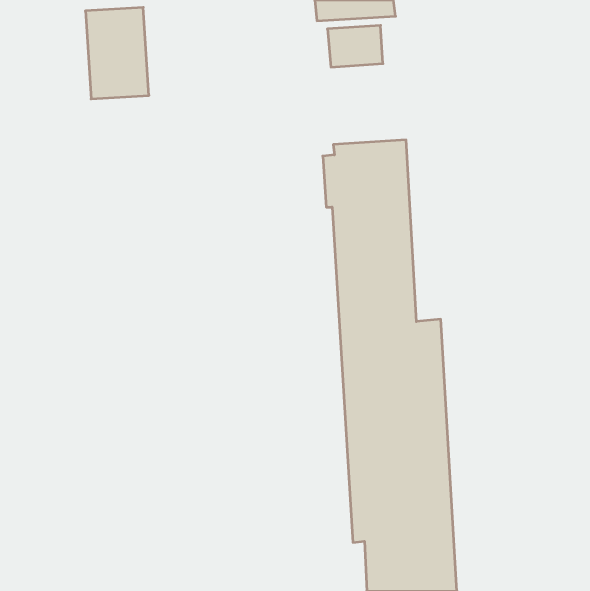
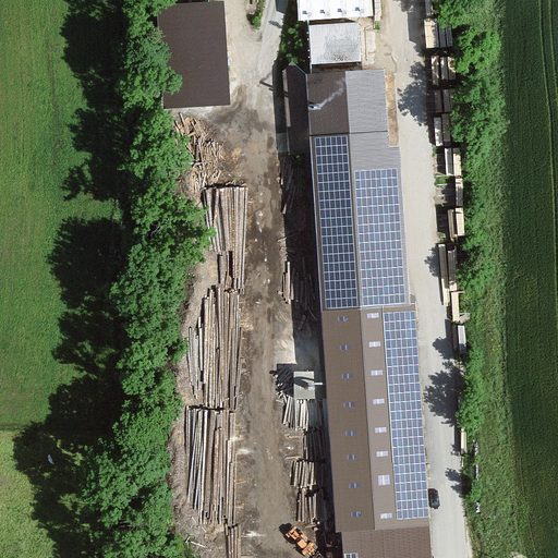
building: [85,7,149,99] -> [165,13,225,99]
building: none -> [291,65,384,147]

